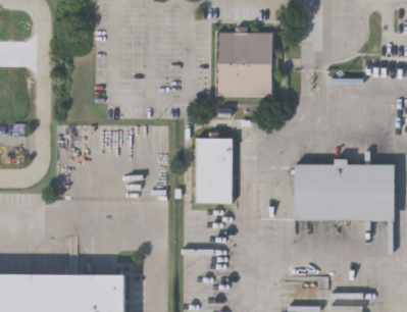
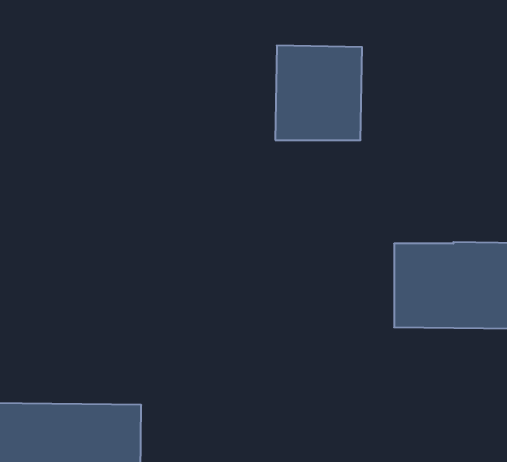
building: [193,138,233,204] -> none

